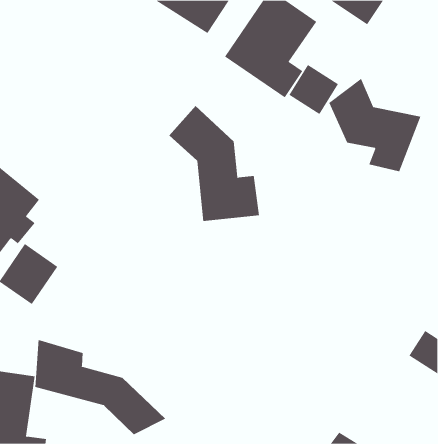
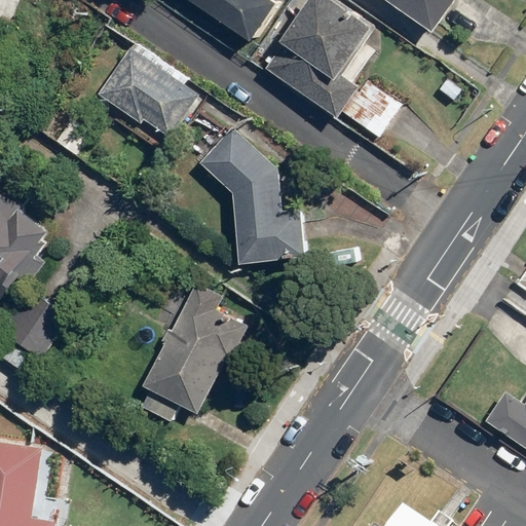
building: none -> [97,45,198,136]
building: [328,78,421,172] -> none
building: none -> [139,279,247,421]
building: [35,339,166,435] -> none

